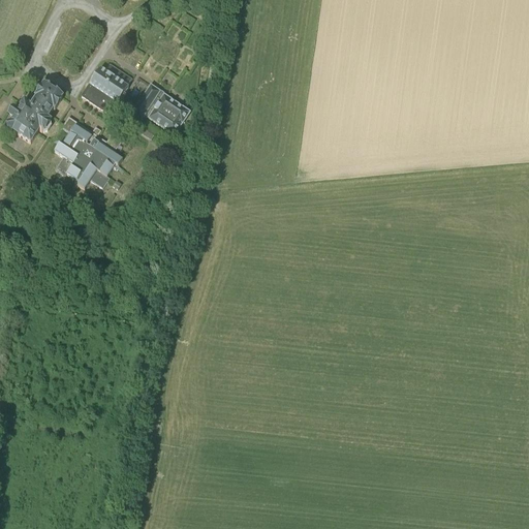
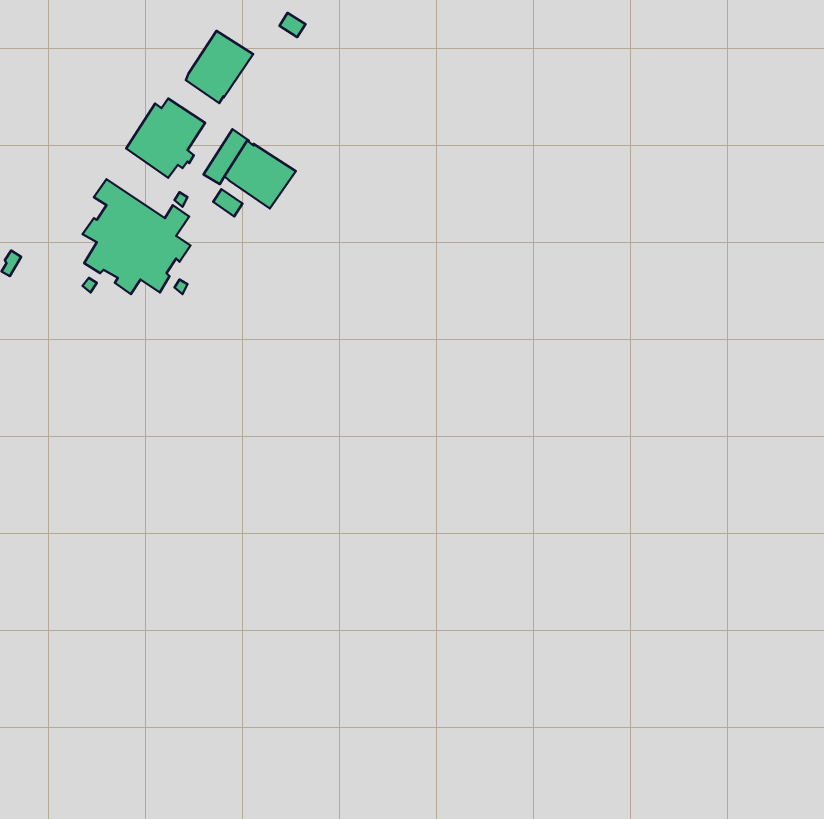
building: none -> [186,31,253,103]
building: [6,83,61,141] -> none

